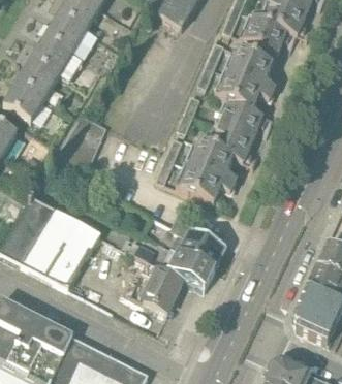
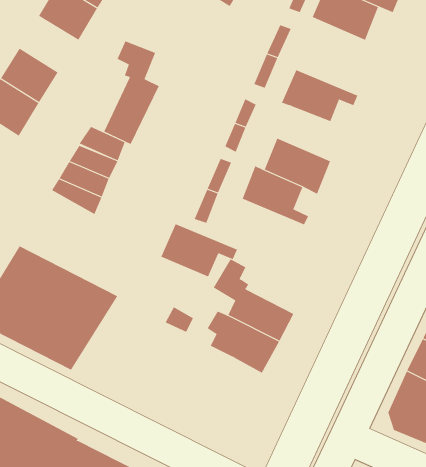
building: [30,35,72,75] -> none
building: [226,50,274,92] -> none
building: none -> [103,41,159,145]
building: [213,99,261,138] -> none
building: [178,165,232,203] -> [161,223,238,277]
building: [139,260,182,311] -> none

